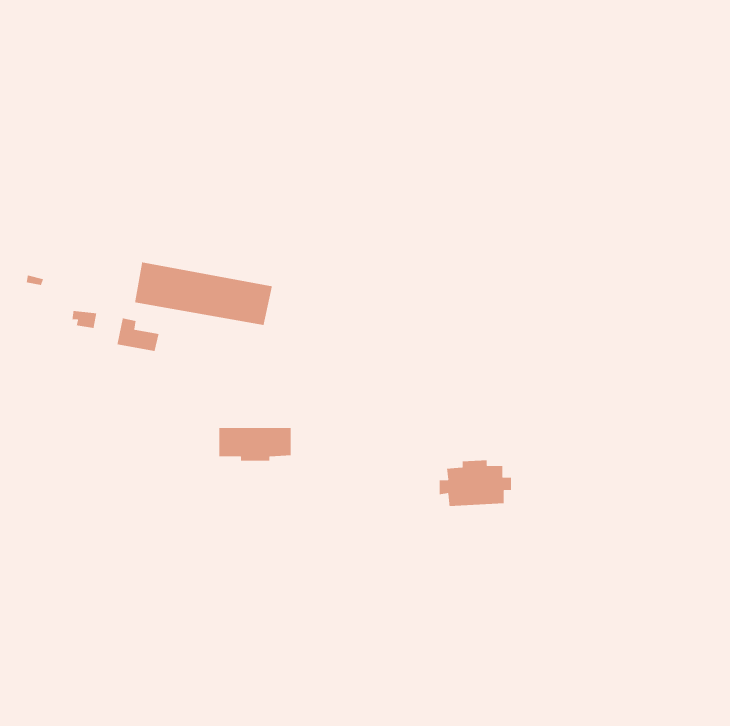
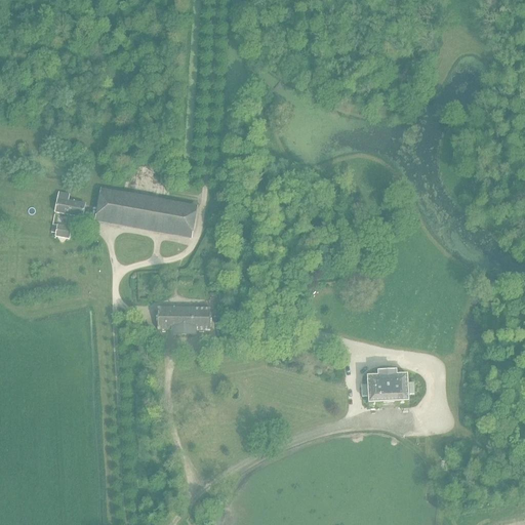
building: [117,318,159,352] -> [54,190,85,214]
building: [439,460,512,507] -> [361,369,413,403]

